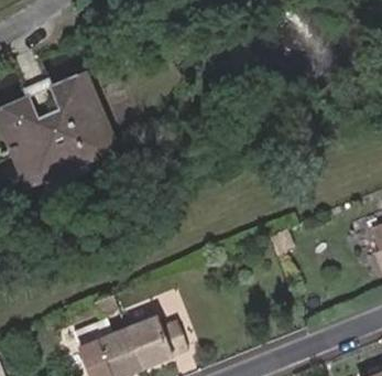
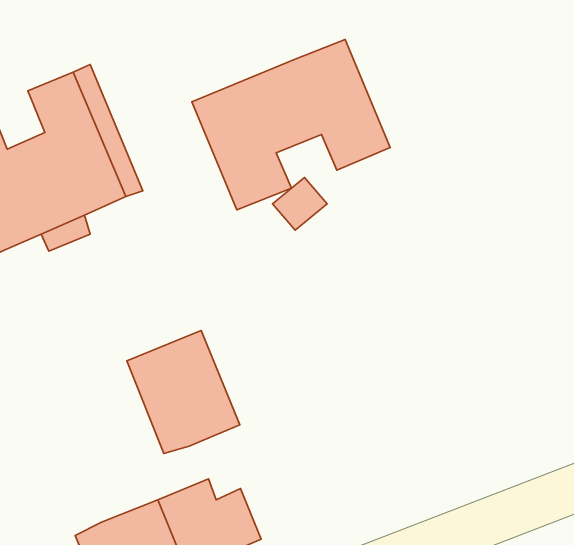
building: none -> [192,39,390,210]
building: none -> [127,330,240,453]

